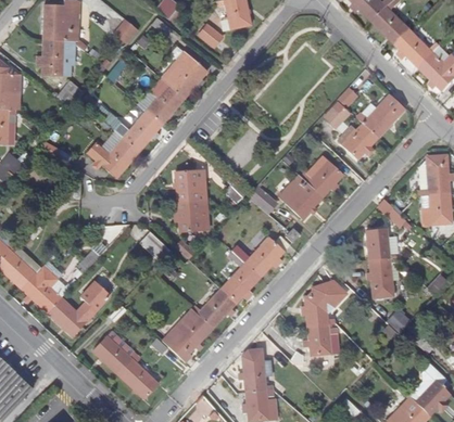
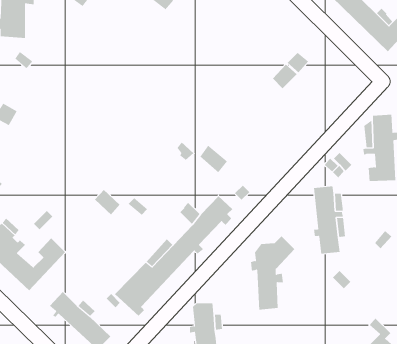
building: [88,51,207,177] -> none
building: [338,102,398,158] -> none
building: [279,162,342,218] -> none
building: [174,171,209,231] -> none

